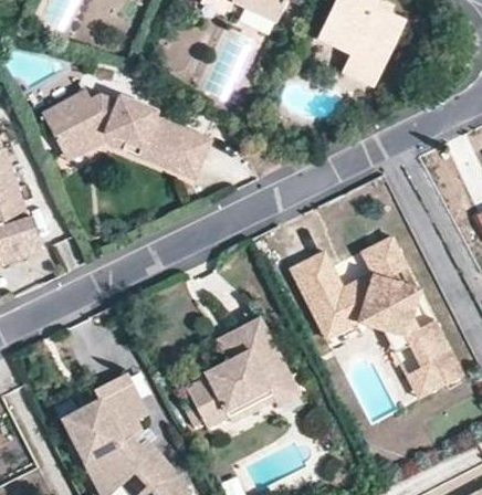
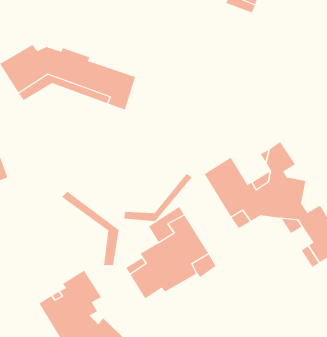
building: none -> [124,173,192,222]
building: none -> [61,191,119,266]

